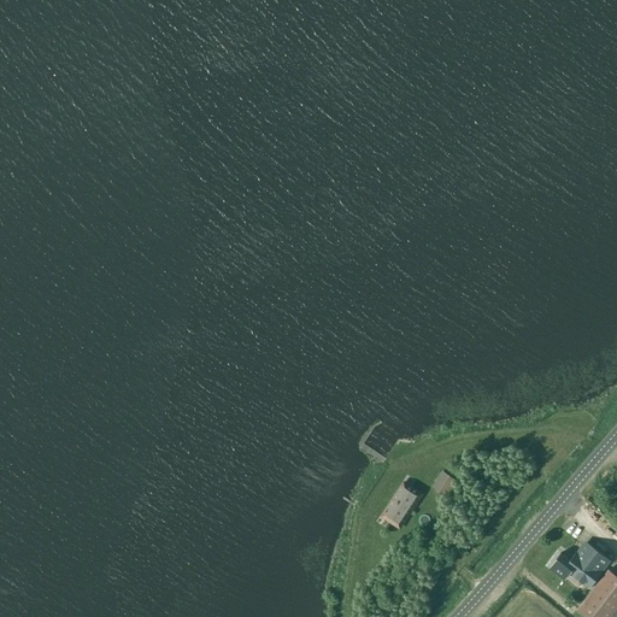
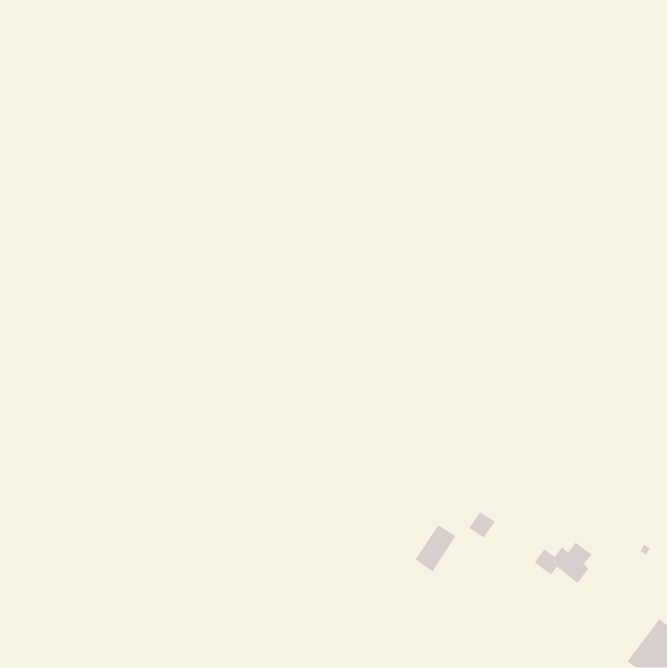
building: [552,547,606,589] -> [534,542,593,587]

